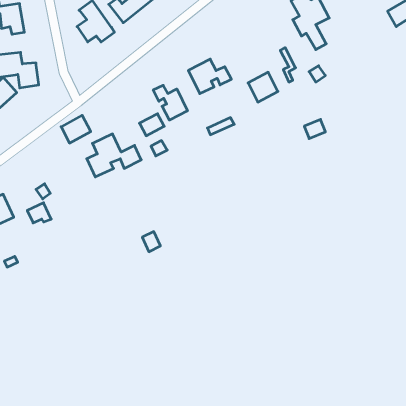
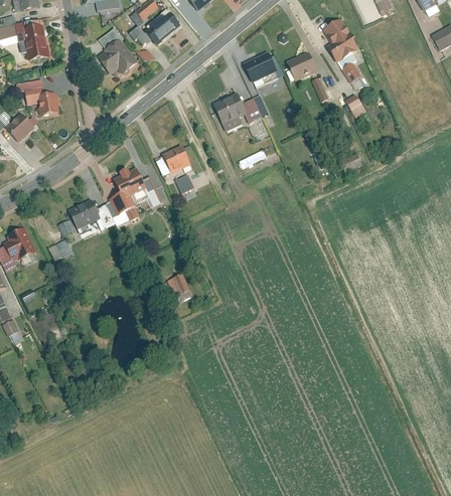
building: none -> [243,53,277,84]
building: [248,72,278,102] -> [289,49,320,80]
building: [153,85,187,120] -> none
building: [61,115,91,143] -> [69,199,101,228]

